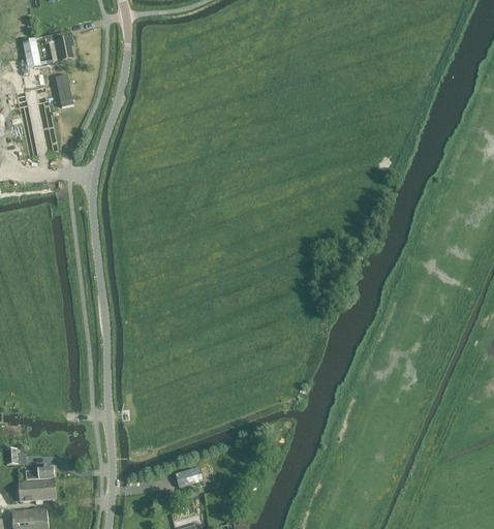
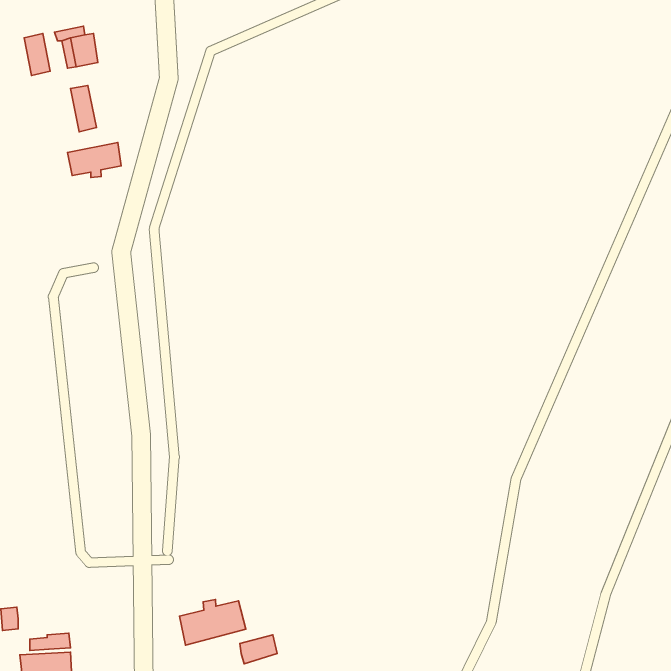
building: none -> [67,142,121,178]
building: none -> [180,600,246,645]

